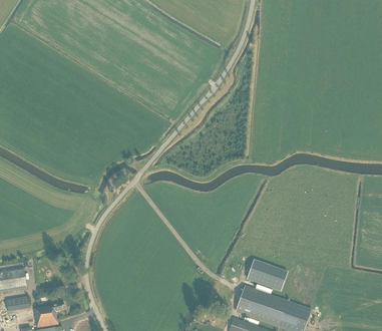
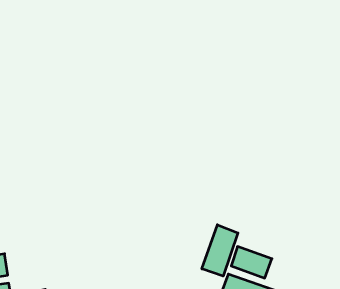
building: none -> [202,225,238,276]

